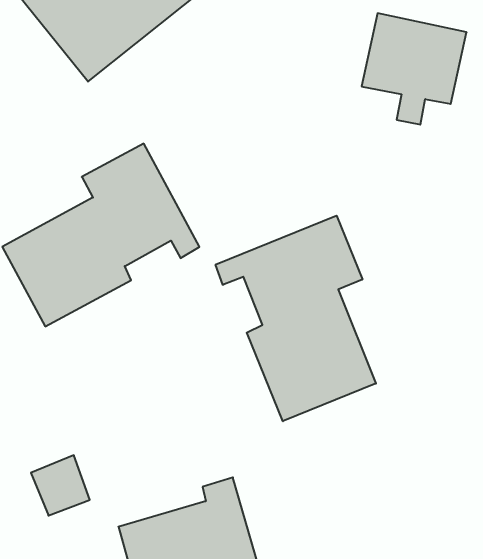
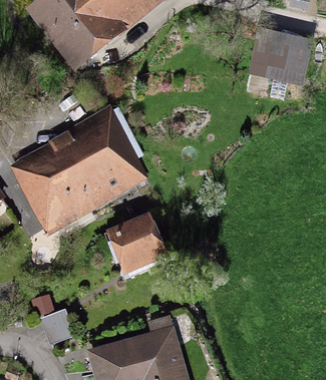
building: [216,216,376,421] -> none
building: none -> [113,222,158,266]

